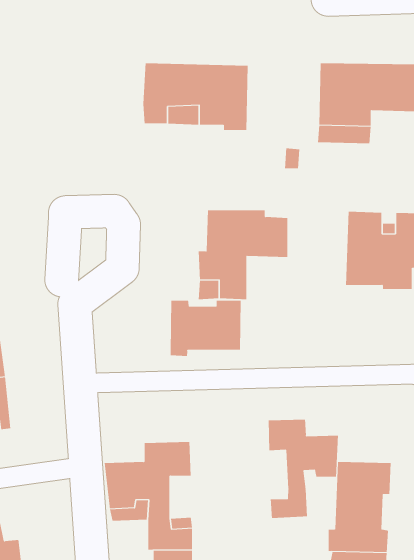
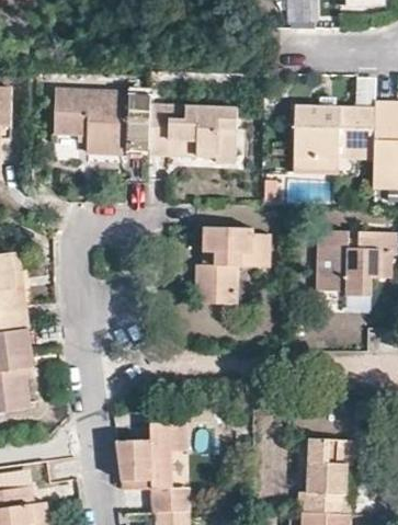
building: none -> [54,92,150,156]
building: [170,300,241,357] -> none
building: [268,419,338,519] -> none

